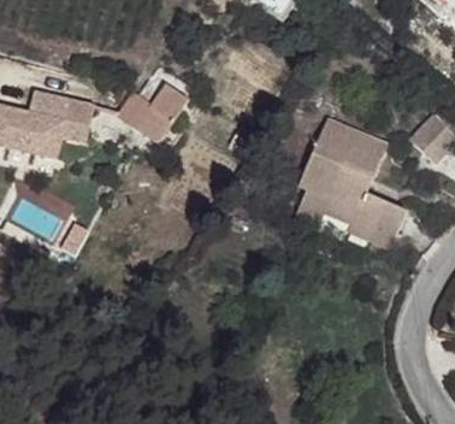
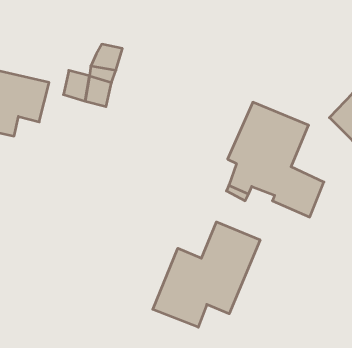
building: none -> [153,222,260,327]

